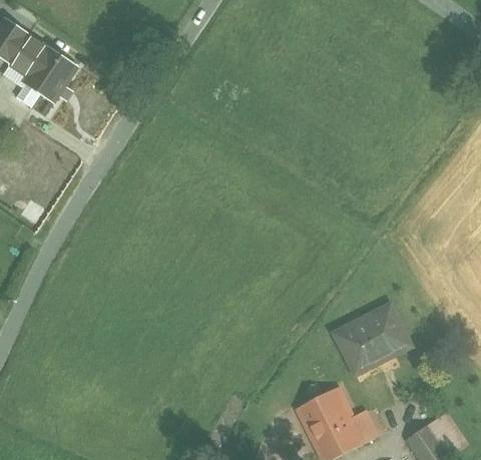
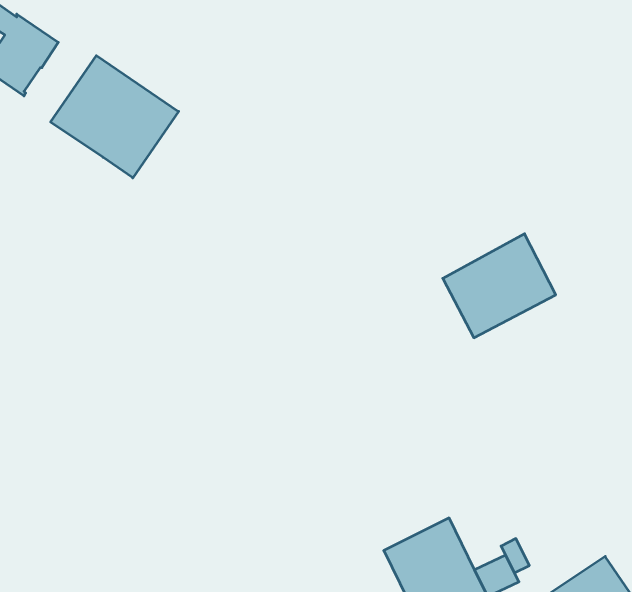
building: none -> [51,56,179,178]
building: [332,304,408,374] -> [443,234,556,338]

